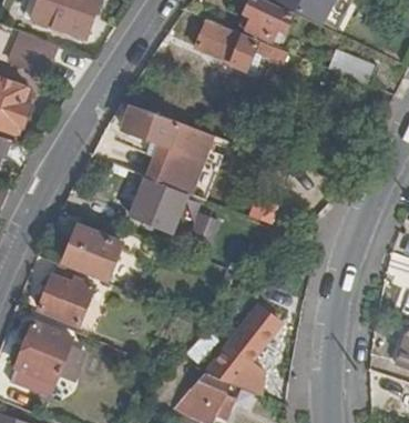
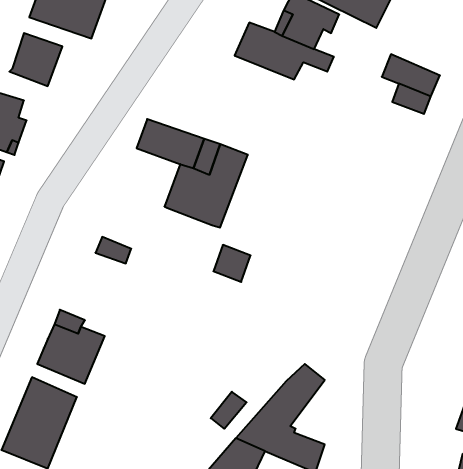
building: [132,179,184,231] -> none
building: [62,225,121,279] -> none

